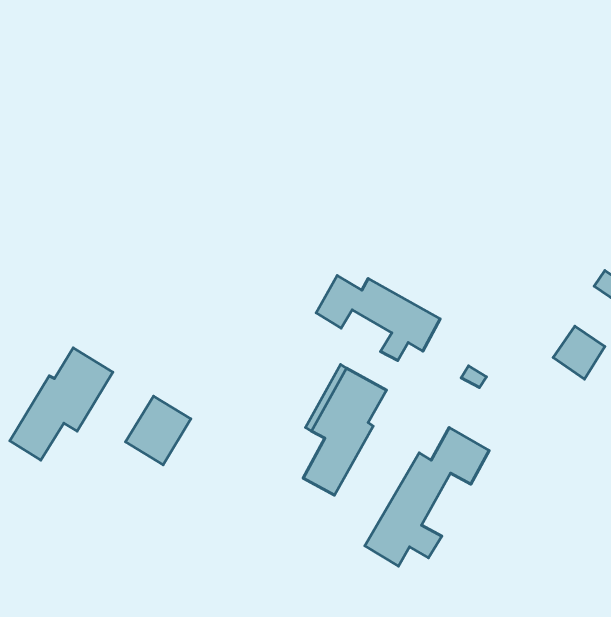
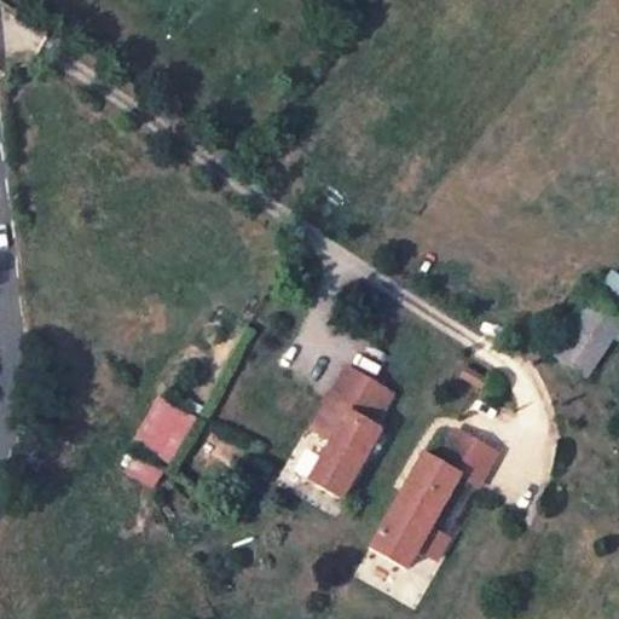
building: [316,275,440,360] -> none
building: [10,348,113,460] -> none

